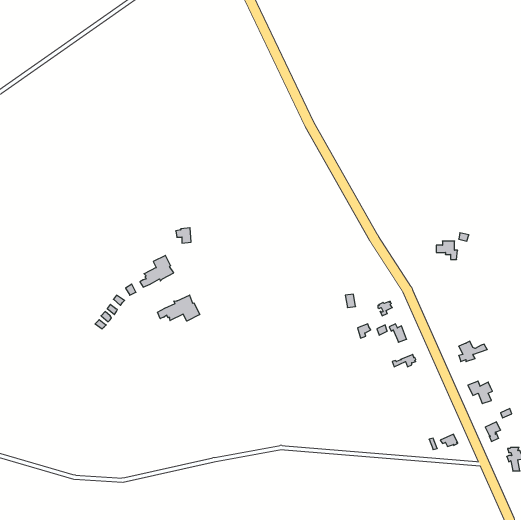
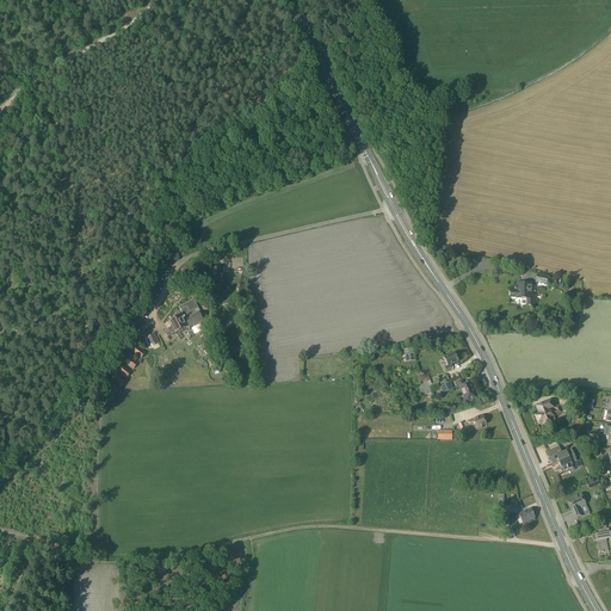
building: [158,295,200,321] -> none

